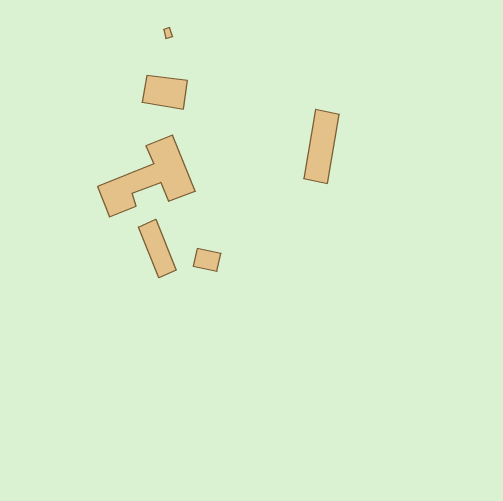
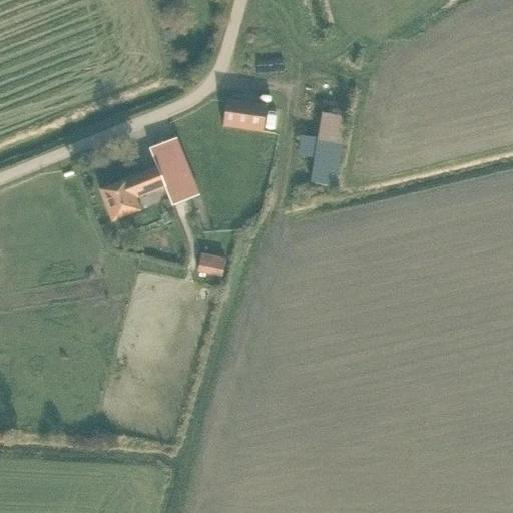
building: [142,76,187,109] -> [221,98,268,132]
building: [138,219,176,278] -> none

